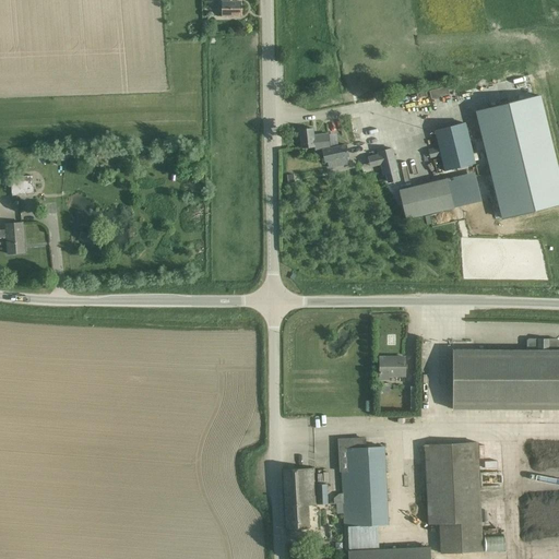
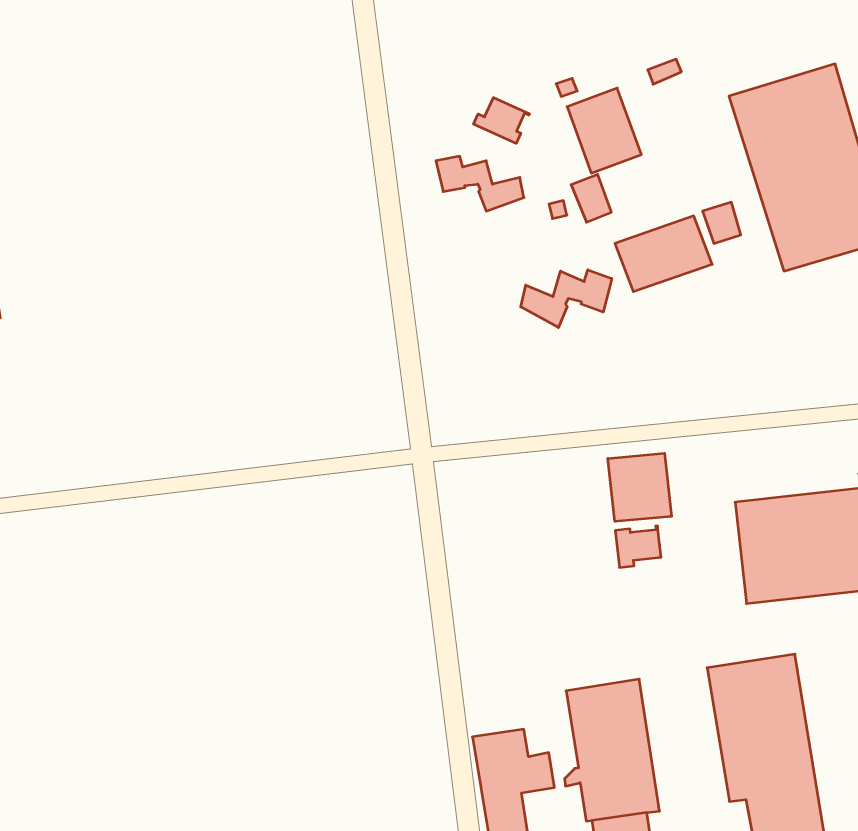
building: none -> [474,98,529,143]
building: [436,123,476,171] -> [567,88,641,173]
building: none -> [521,270,612,328]
building: none -> [608,453,672,521]

